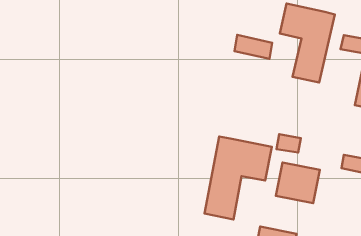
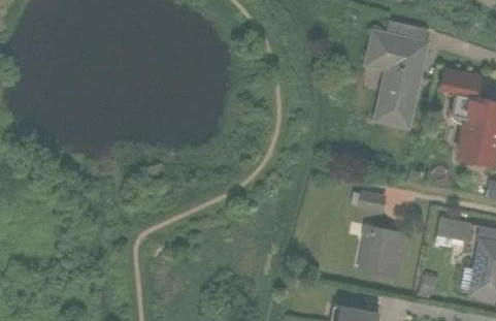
building: [235,35,272,59] -> none
building: [205,136,272,219] -> none

